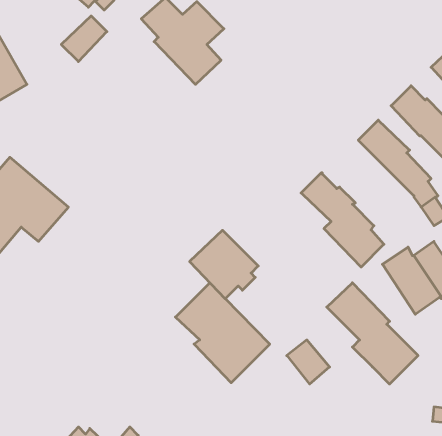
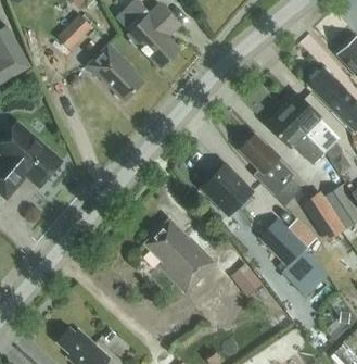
building: none -> [87,45,143,101]
building: none -> [268,110,326,165]
building: [190,230,258,299] -> [202,164,254,216]

